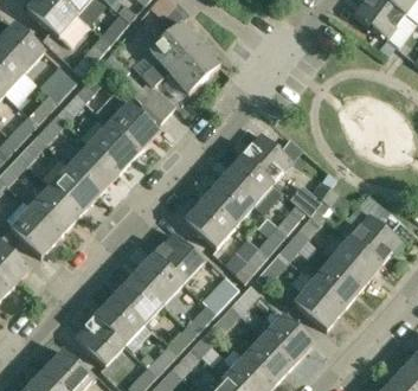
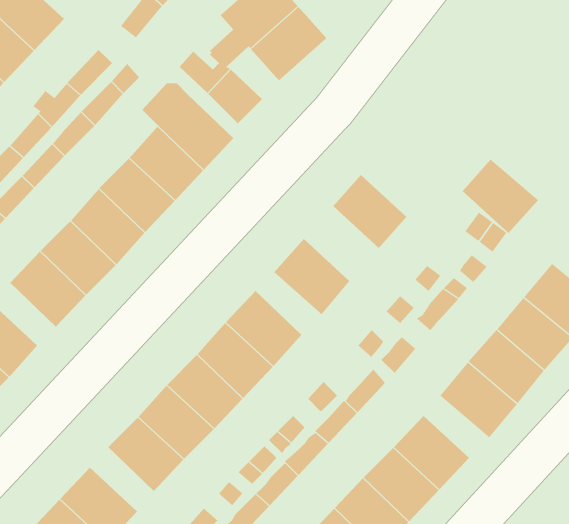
building: [242,133,292,182] -> [462,159,539,234]
building: [204,175,253,225] -> none

